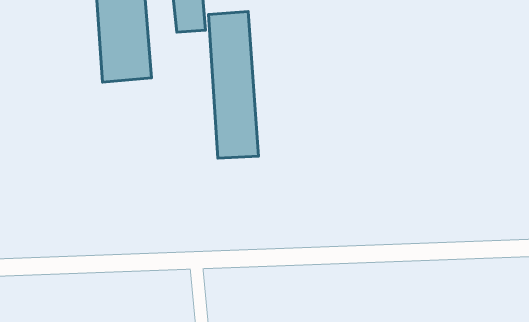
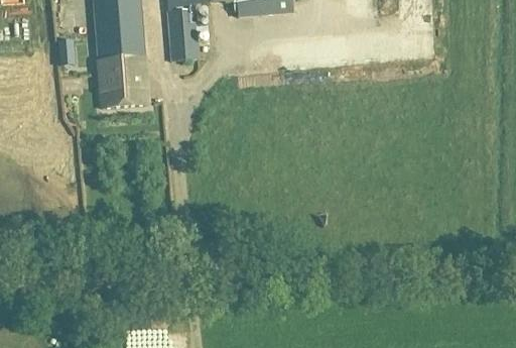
building: [209,11,258,158] -> none

